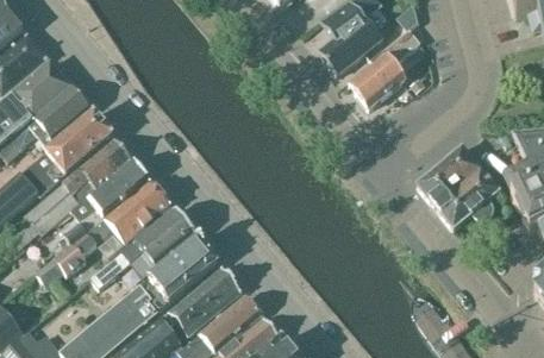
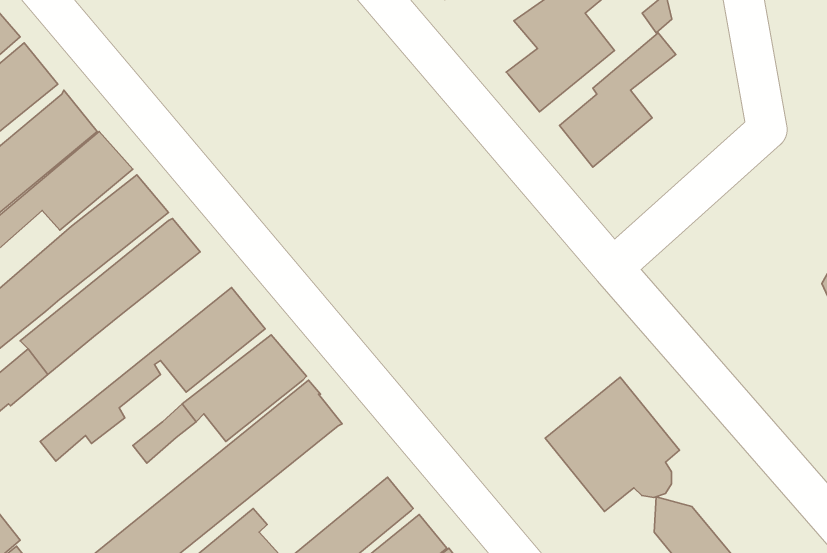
building: [419,145,500,226] -> [545,377,679,511]
building: [58,158,151,246] -> none
building: [165,265,243,333] -> none

